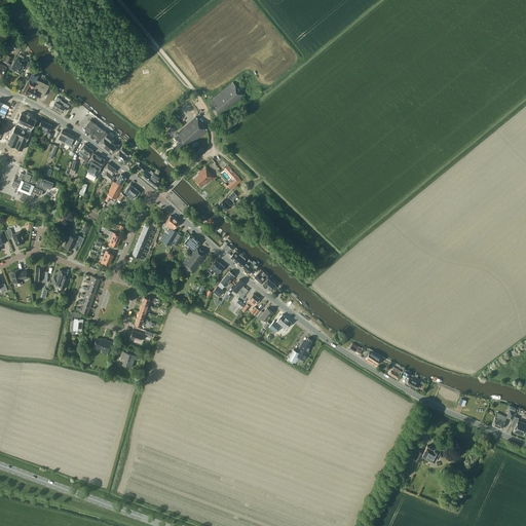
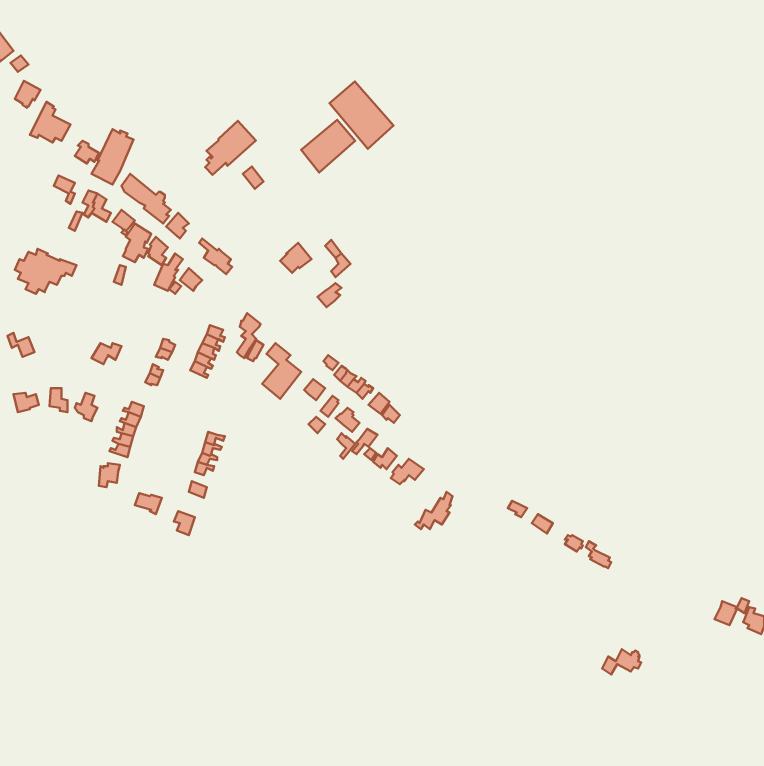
building: none -> [330,81,394,149]
building: [6,112,35,150] -> [92,129,134,184]
building: [172,116,206,153] -> [205,121,256,175]

